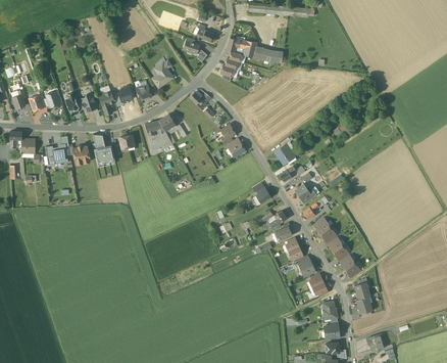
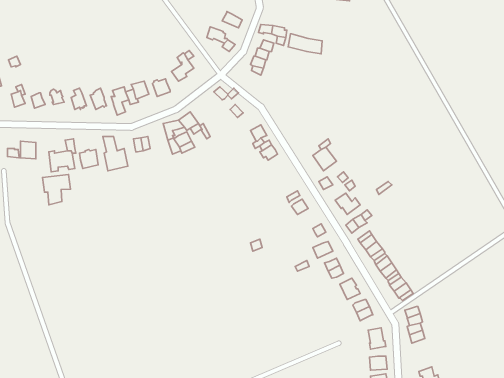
building: none -> [42,175,71,205]

